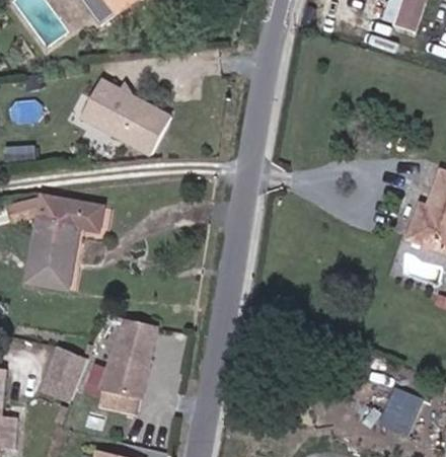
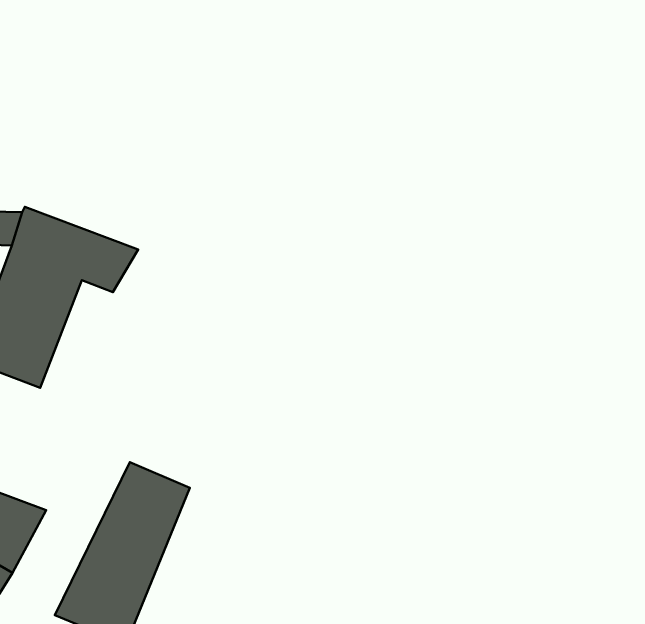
building: [88,81,179,158] -> none

